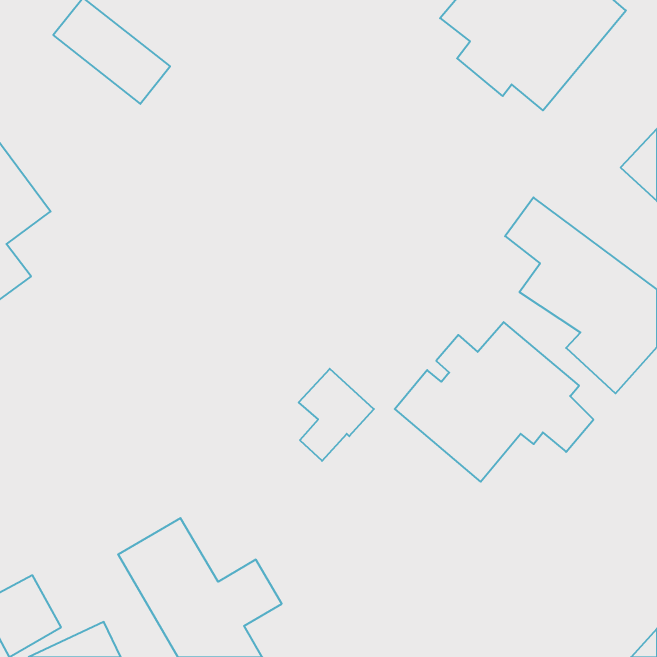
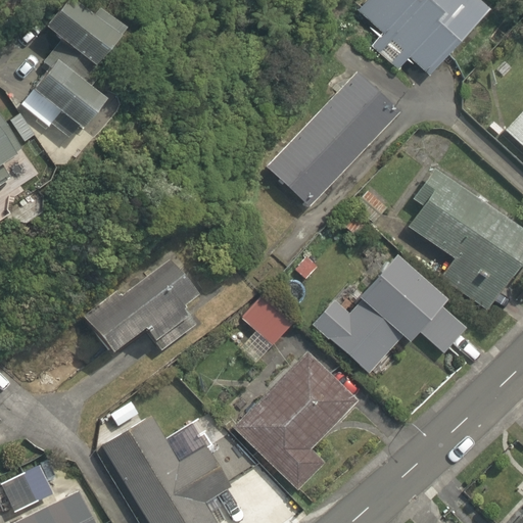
building: none -> [269,57,402,216]
building: none -> [36,63,133,155]
building: none -> [85,250,194,355]
building: none -> [234,346,362,482]

